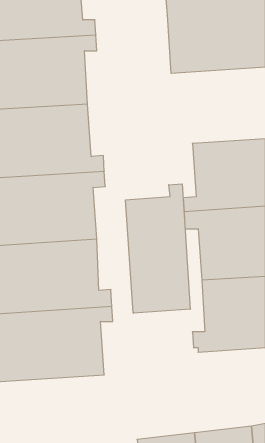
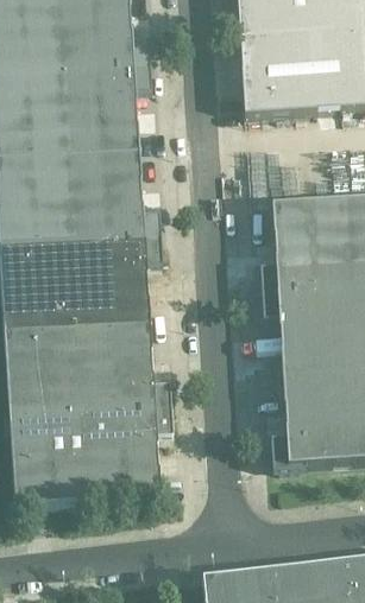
building: [126,184,190,313] -> none

